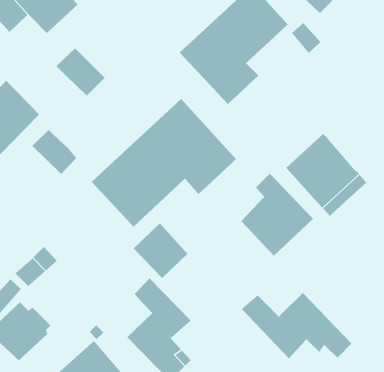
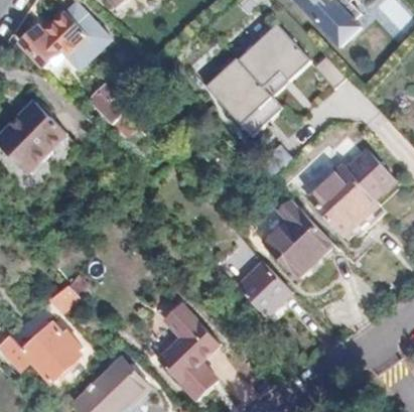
building: [91,98,237,227] -> none
building: none -> [350,149,395,197]
building: [32,129,77,175] -> none
building: [133,222,188,279] -> [237,262,290,316]
building: [241,292,352,359] -> none

